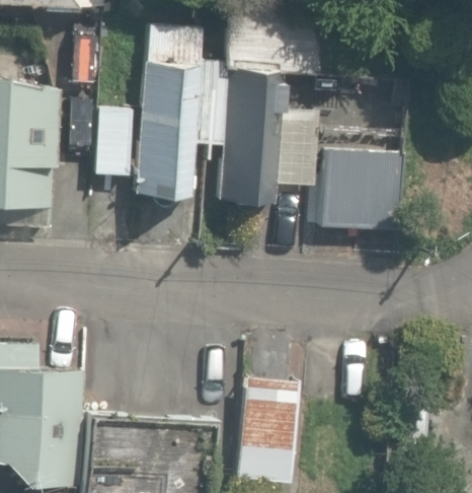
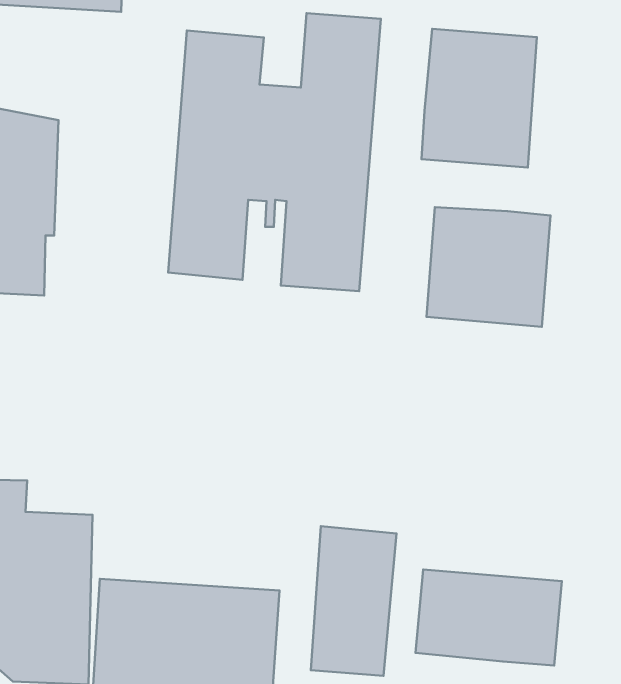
building: none -> [422,29,537,168]
building: none -> [416,569,562,666]

